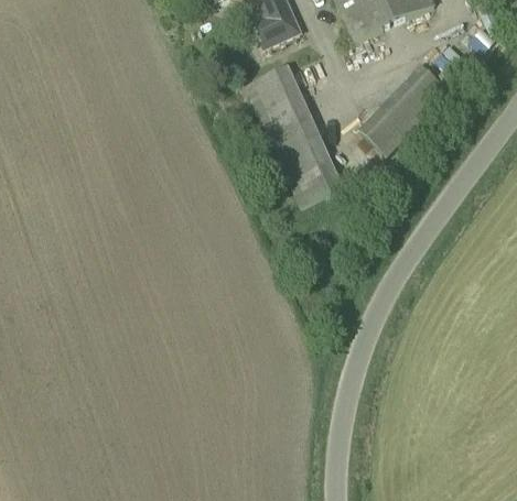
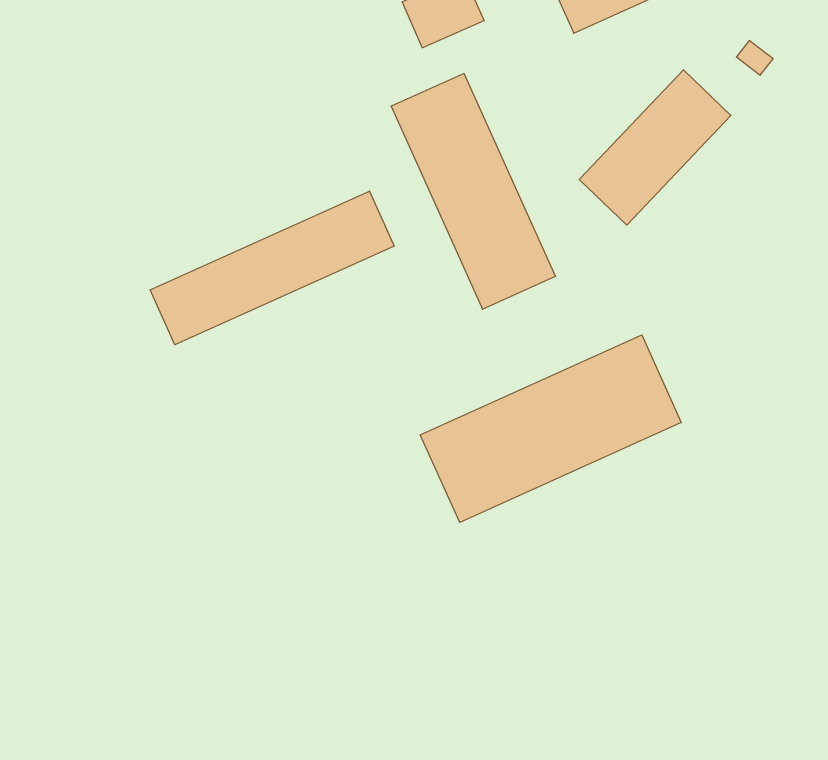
building: none -> [150,191,394,345]
building: none -> [420,335,681,522]

